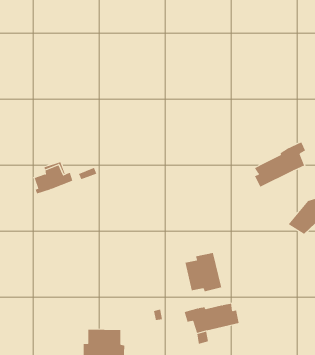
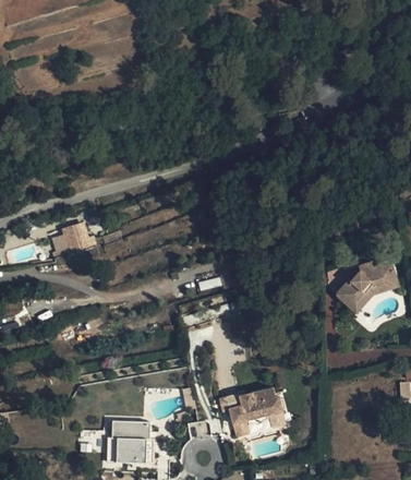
building: [254,142,306,187] -> none
building: [185,252,222,292] -> none

